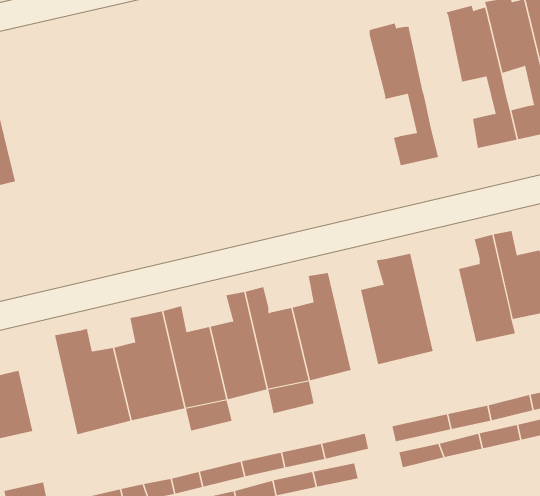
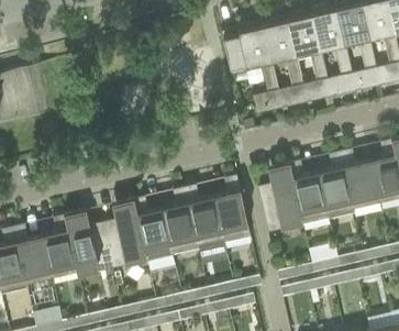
building: none -> [288,11,332,101]
building: none -> [223,22,284,113]
building: none -> [290,158,331,223]
building: none -> [44,213,80,276]

